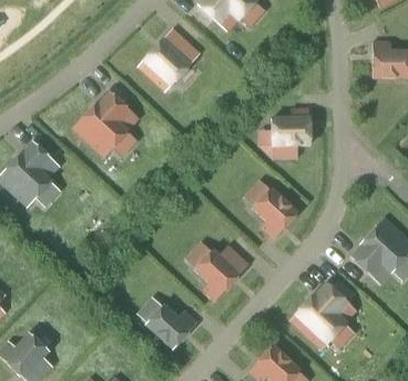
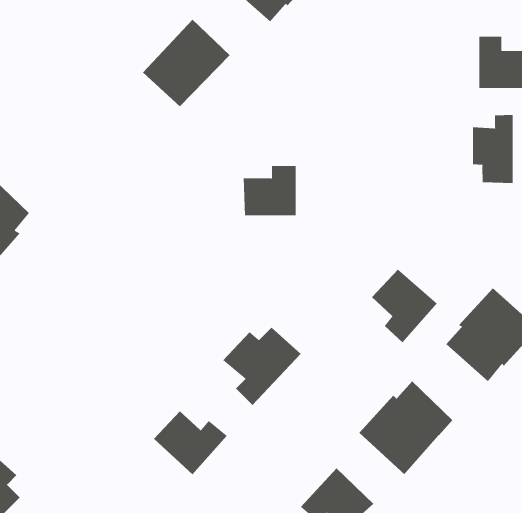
building: [74,90,140,157] -> none
building: none -> [472,114,513,184]
building: [273,108,310,143] -> [243,165,296,216]
building: [253,187,299,239] -> [371,269,437,343]

